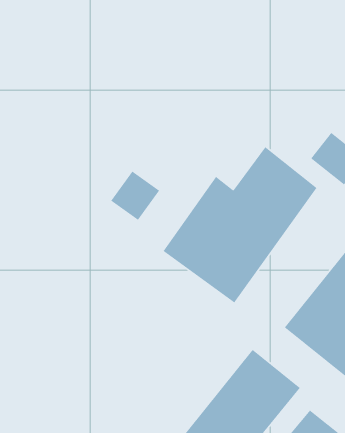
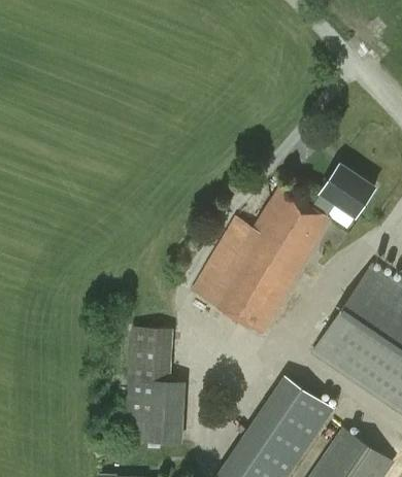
building: [110,170,160,221] -> none
building: none -> [130,326,185,442]

